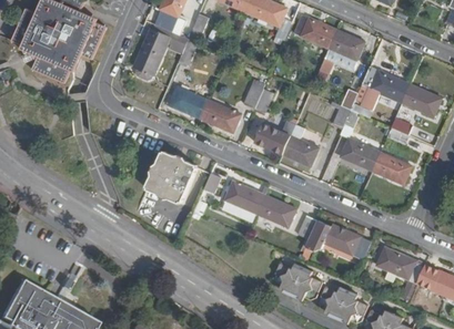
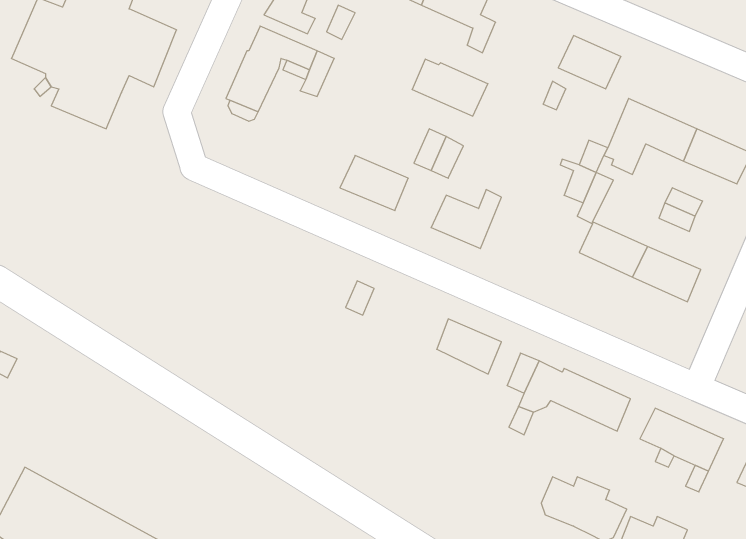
building: [293,14,337,48] -> [412,59,488,116]
building: [170,84,210,117] -> none
building: [283,123,322,165] -> none
building: [145,151,196,204] -> none
building: [225,179,264,212] -> none
building: [273,261,322,299] -> none

